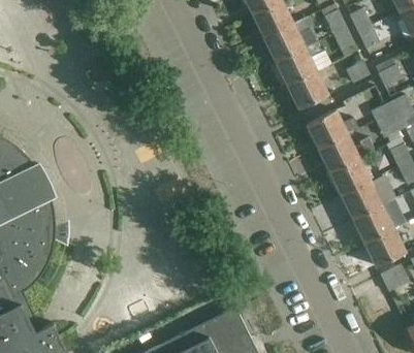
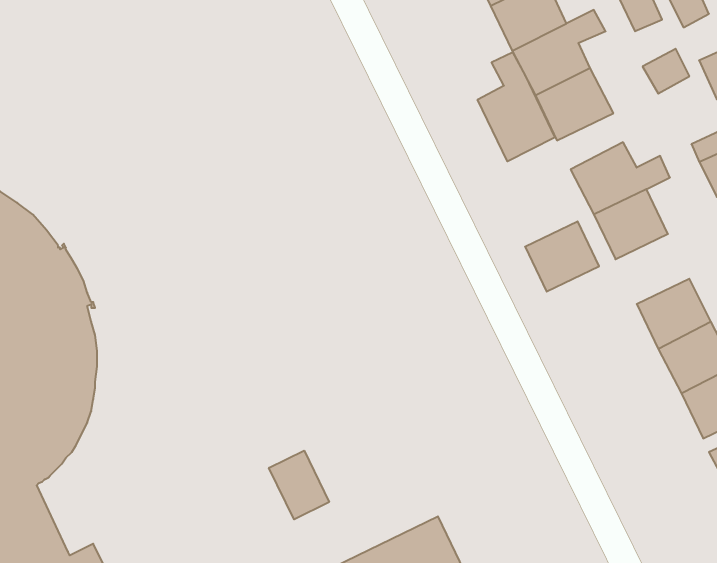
building: none -> [478,52,555,161]
building: [329,158,369,195] -> [525,221,599,292]
building: none -> [269,451,329,519]

